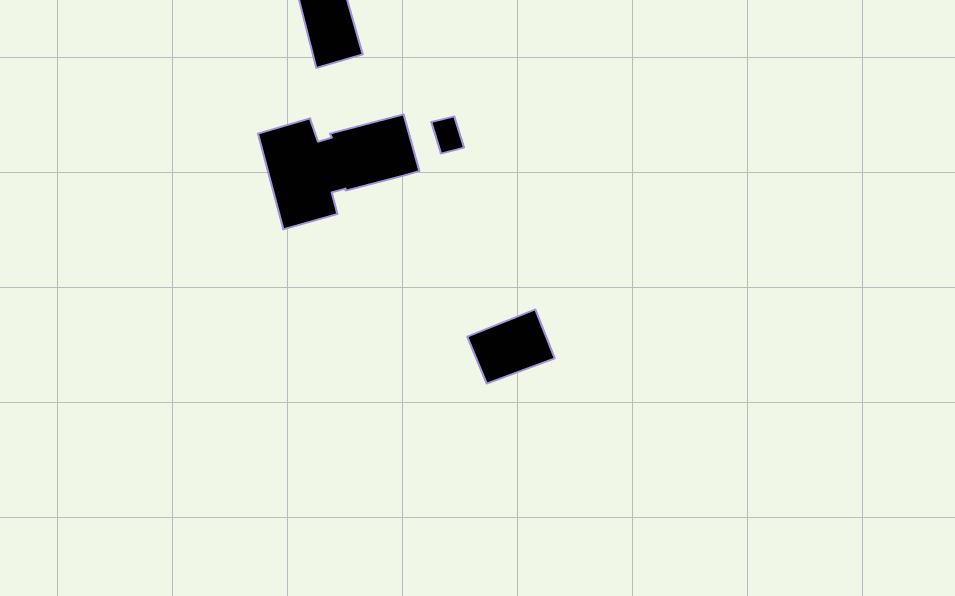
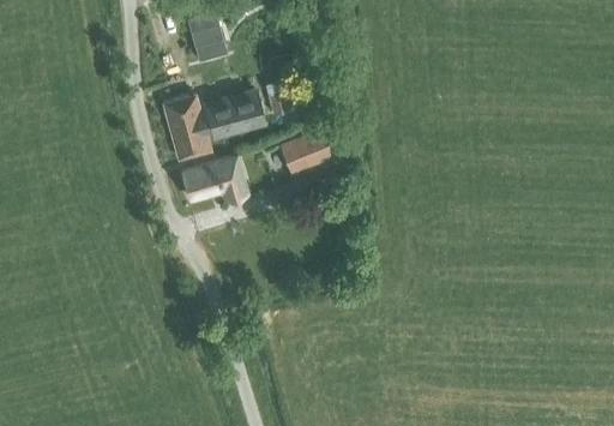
building: none -> [182,157,247,199]
building: [467,310,555,383] -> [279,128,333,174]

